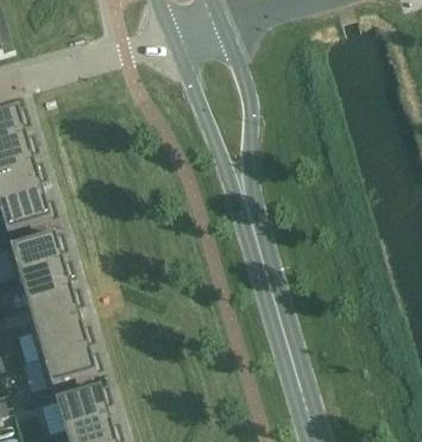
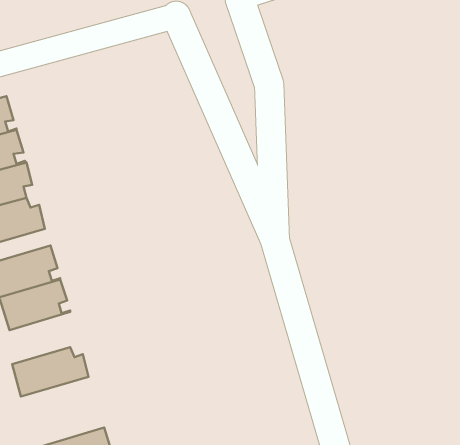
building: [26,286,82,330] -> none
building: [36,341,101,386] -> none

